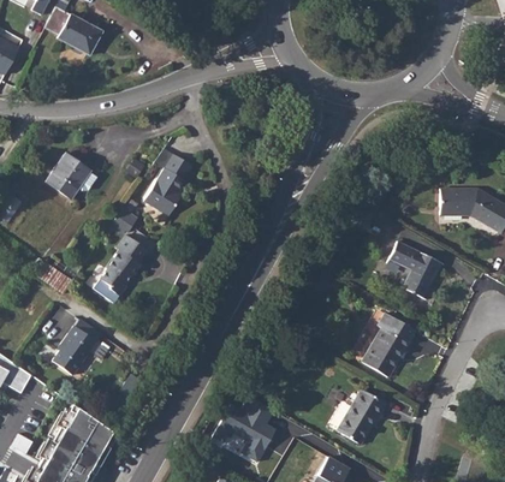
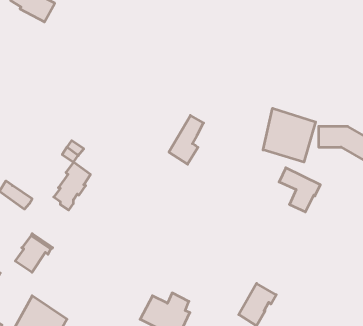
building: [47,155,96,200] -> none
building: [145,155,190,218] -> [169,115,204,164]
building: none -> [263,108,316,162]
building: [362,313,415,376] -> none

